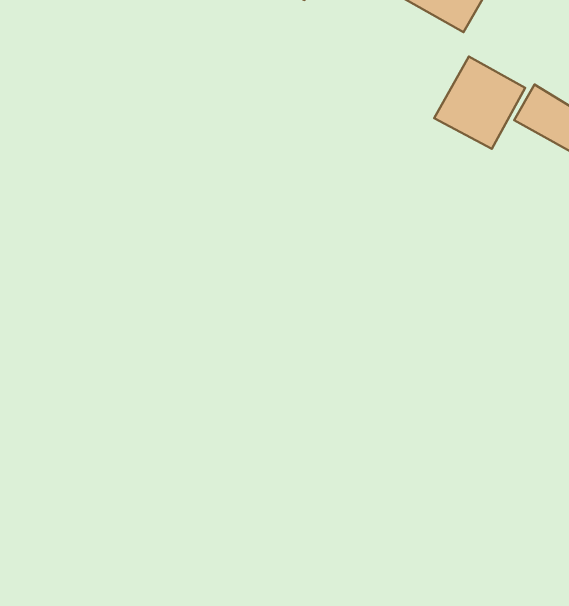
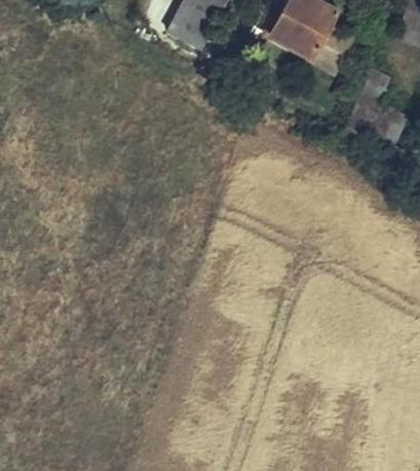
building: [434,57,525,149] -> none

